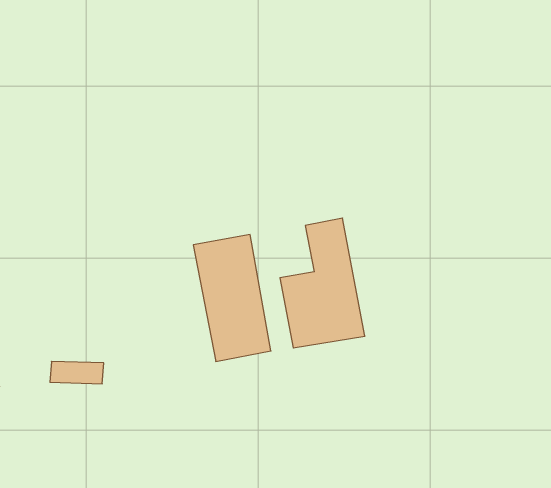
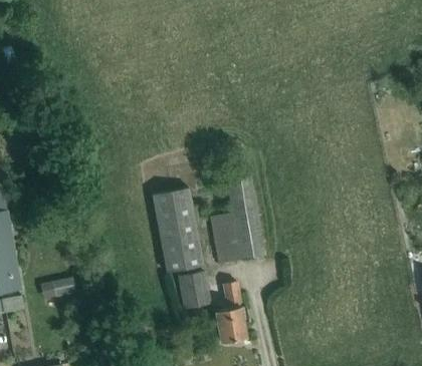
building: none -> [178,272,209,310]
building: none -> [214,283,248,344]

